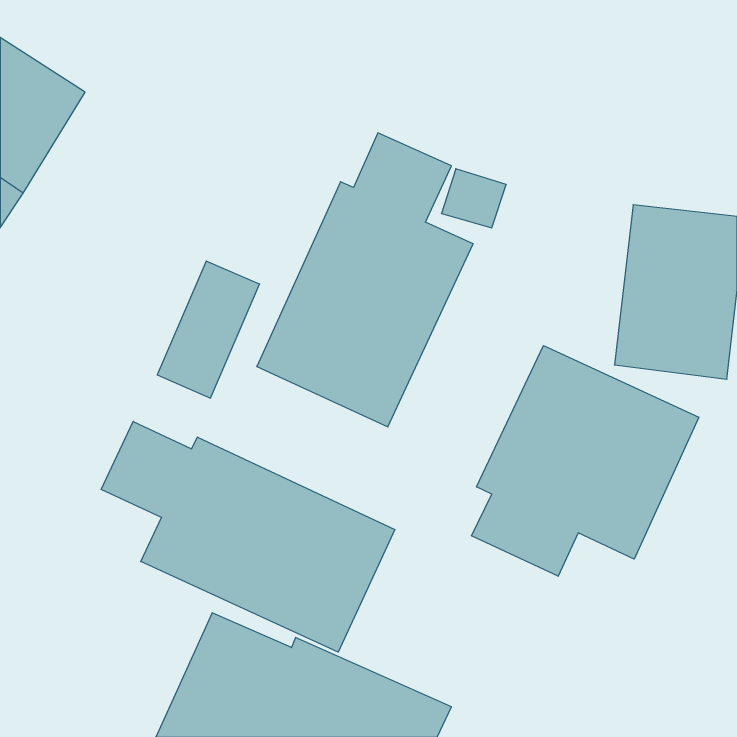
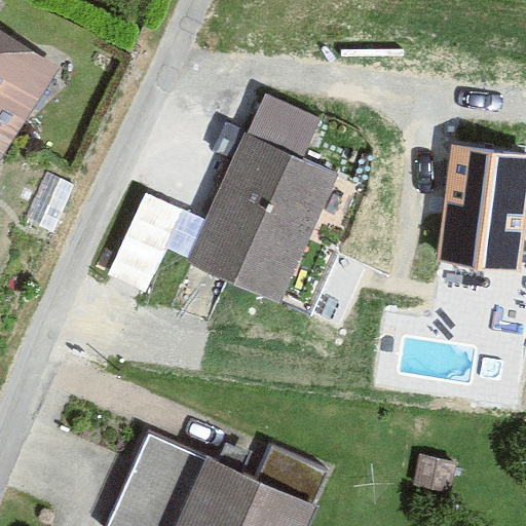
building: [472,346,699,576] -> none
building: [101,421,395,652] -> none

